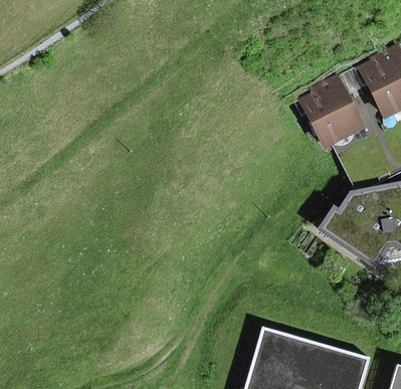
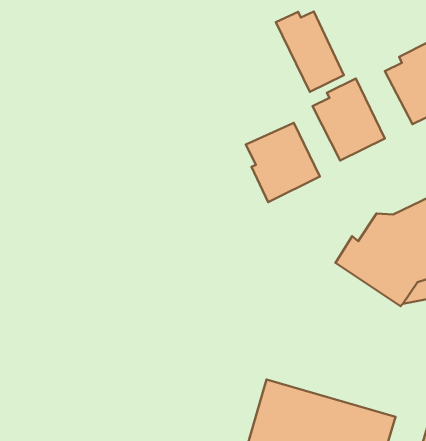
building: none -> [276,11,344,92]
building: none -> [246,123,320,202]

